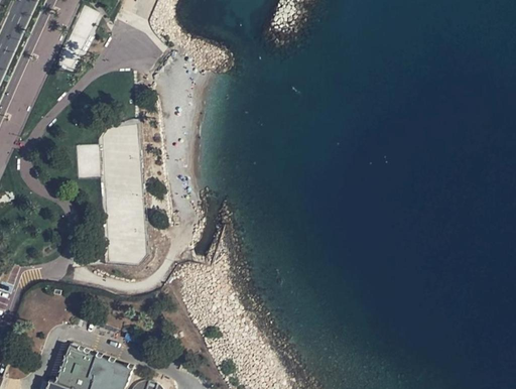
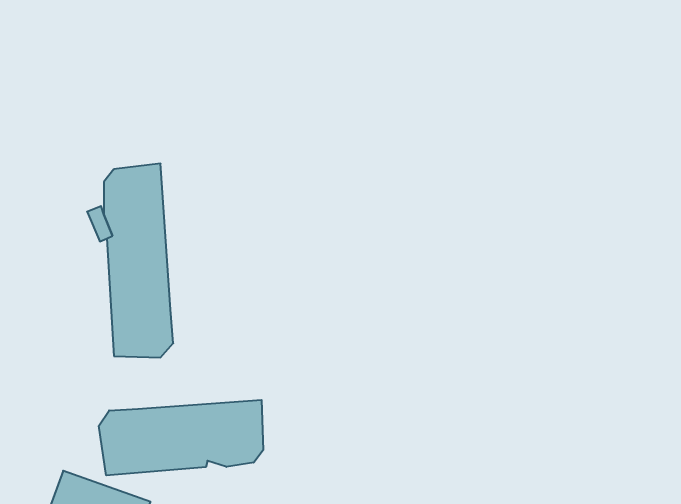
building: none -> [99,400,263,475]

